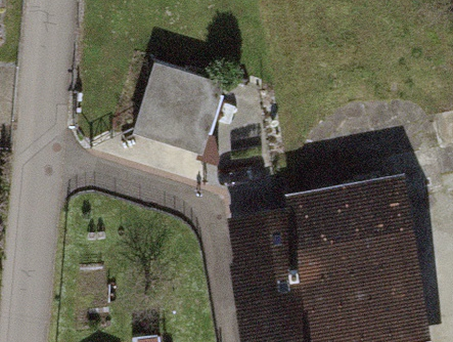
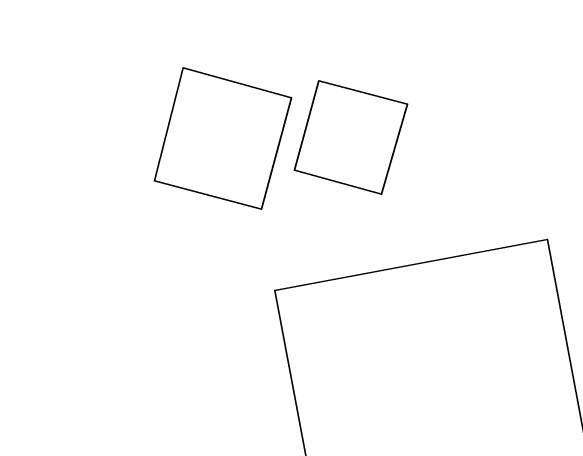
building: none -> [295,81,407,194]

